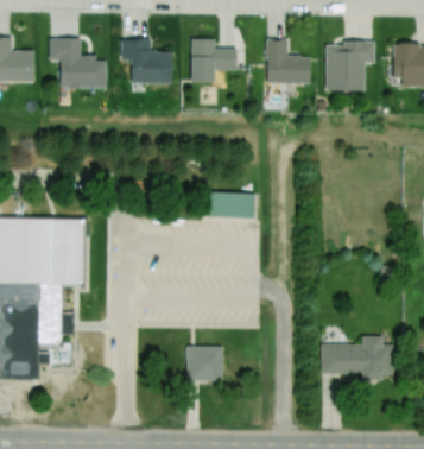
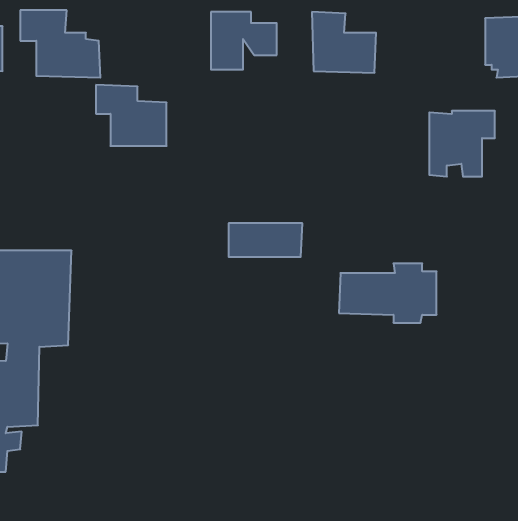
building: [121,39,173,84] -> [96,85,167,146]
building: [327,43,375,91] -> [429,111,495,177]
building: [322,337,394,381] -> [339,263,437,323]
building: [186,346,223,382] -> none

